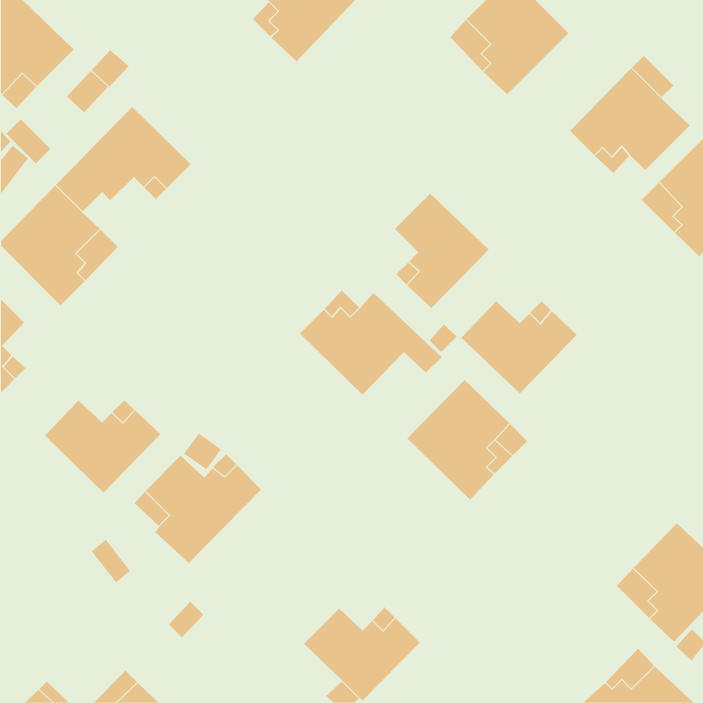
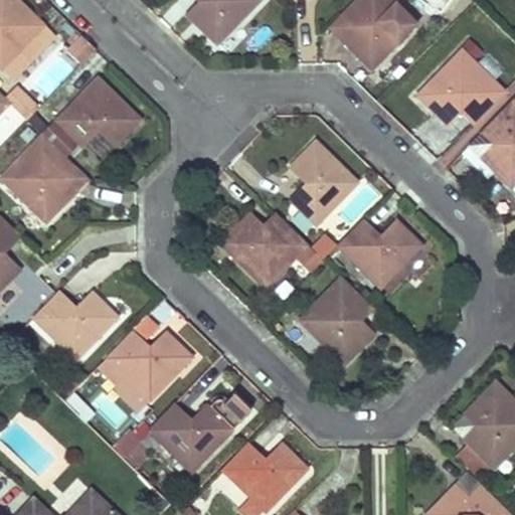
building: none -> [149,394,250,472]

